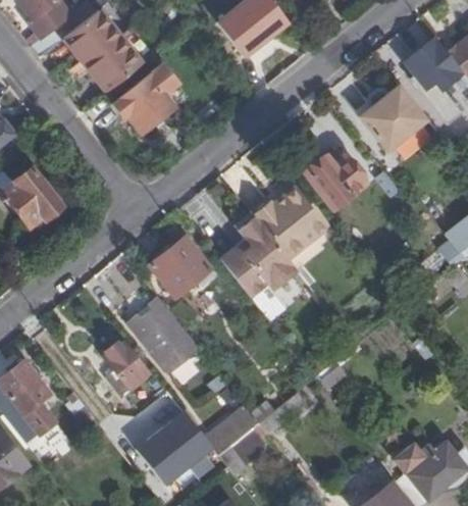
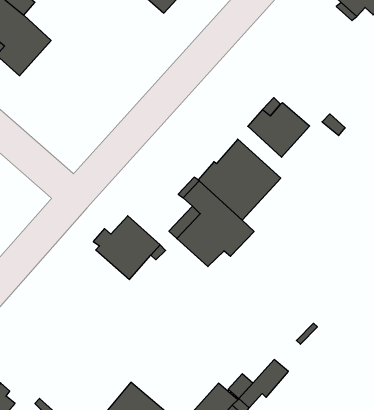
building: [117,69,178,134] -> none
building: [359,83,428,150] -> none
building: [127,297,199,372] -> none
building: [104,342,148,395] -> none

